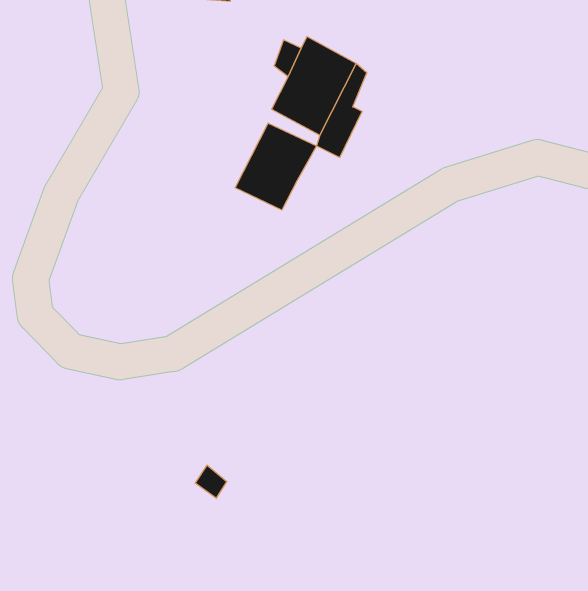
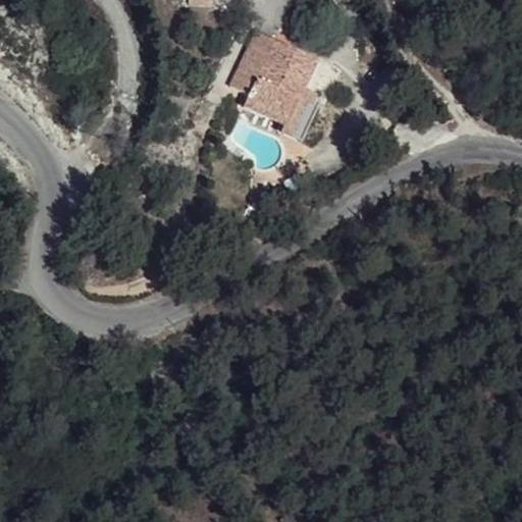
building: [235,123,316,210] -> none

